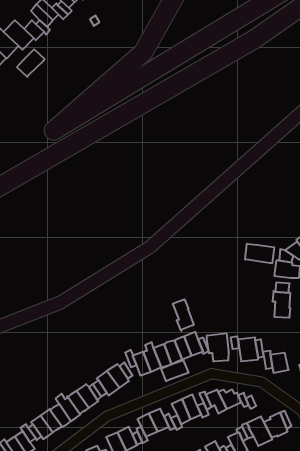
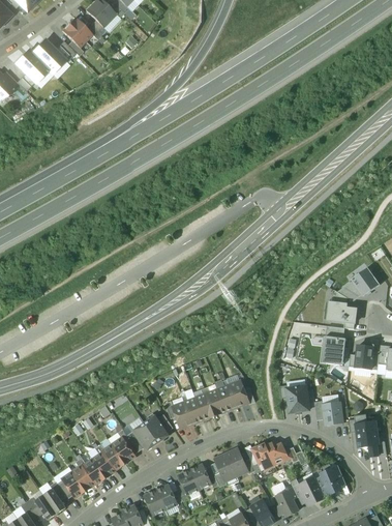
building: [17,49,45,77] -> none
building: [245,244,274,263] -> none
building: [173,299,194,331] -> none
building: [207,333,228,362] -> none
building: [161,360,189,381] -> none

